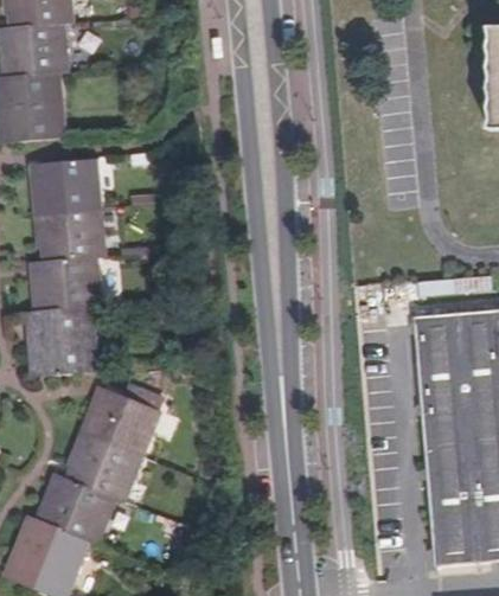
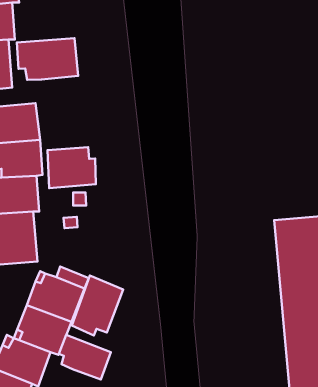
building: none -> [17,38,78,80]
building: none -> [48,147,96,188]
building: none -> [72,276,123,335]
building: none -> [59,335,111,379]

